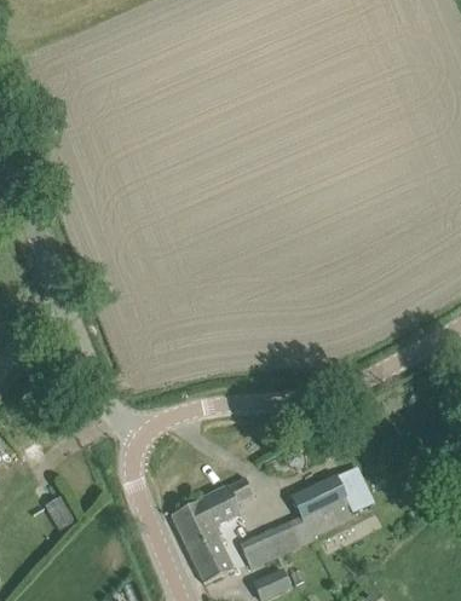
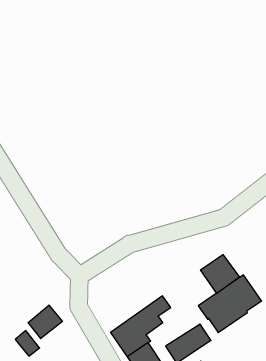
building: none -> [201,255,239,293]
building: none -> [28,305,62,339]

